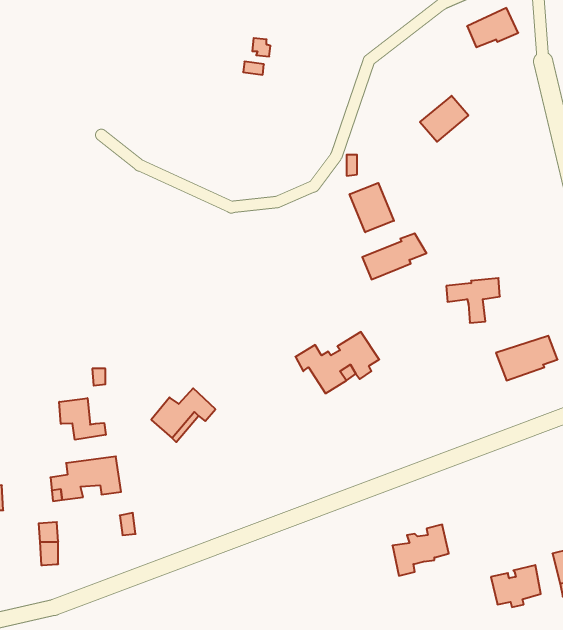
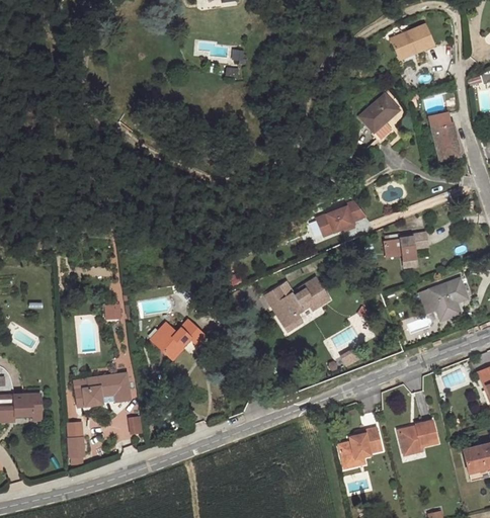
building: none -> [431,116,454,160]
building: [350,183,394,232] -> none
building: [59,398,106,440] -> none
building: [491,565,541,607] -> [400,418,438,450]

